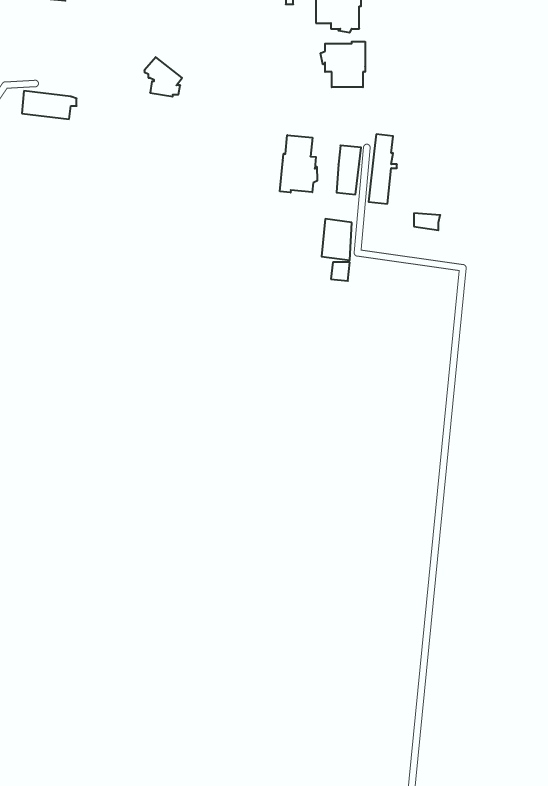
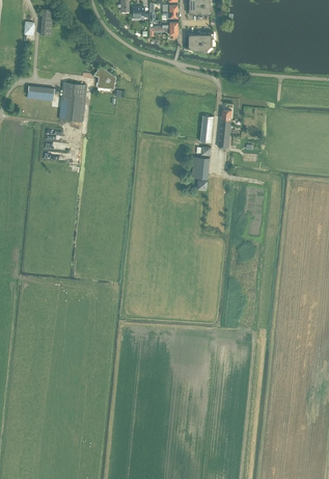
building: [321,42,365,87] -> none
building: none -> [58,82,85,122]
building: [280,135,317,193] -> none

